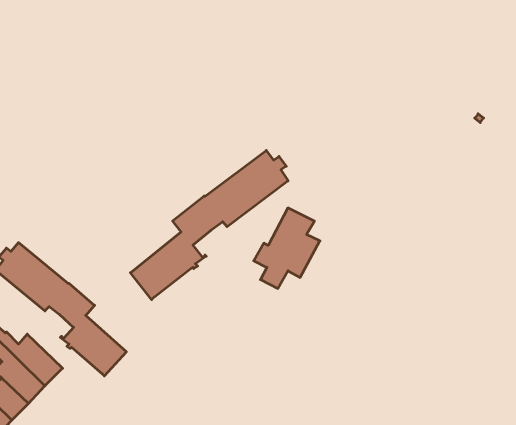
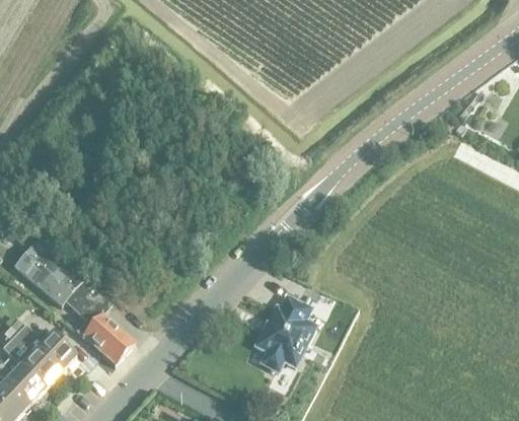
building: [130,150,288,300] -> none
building: [254,208,320,288] -> [254,296,315,370]

